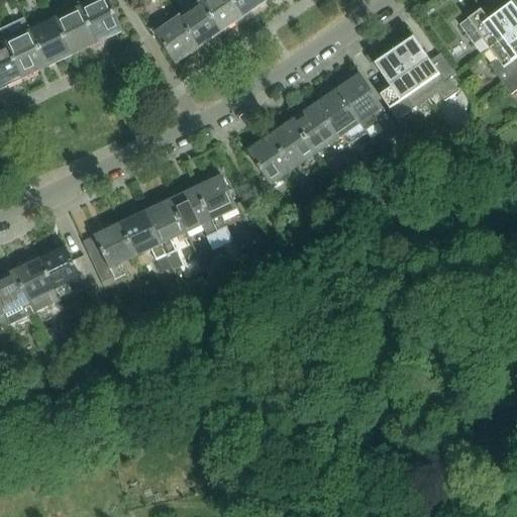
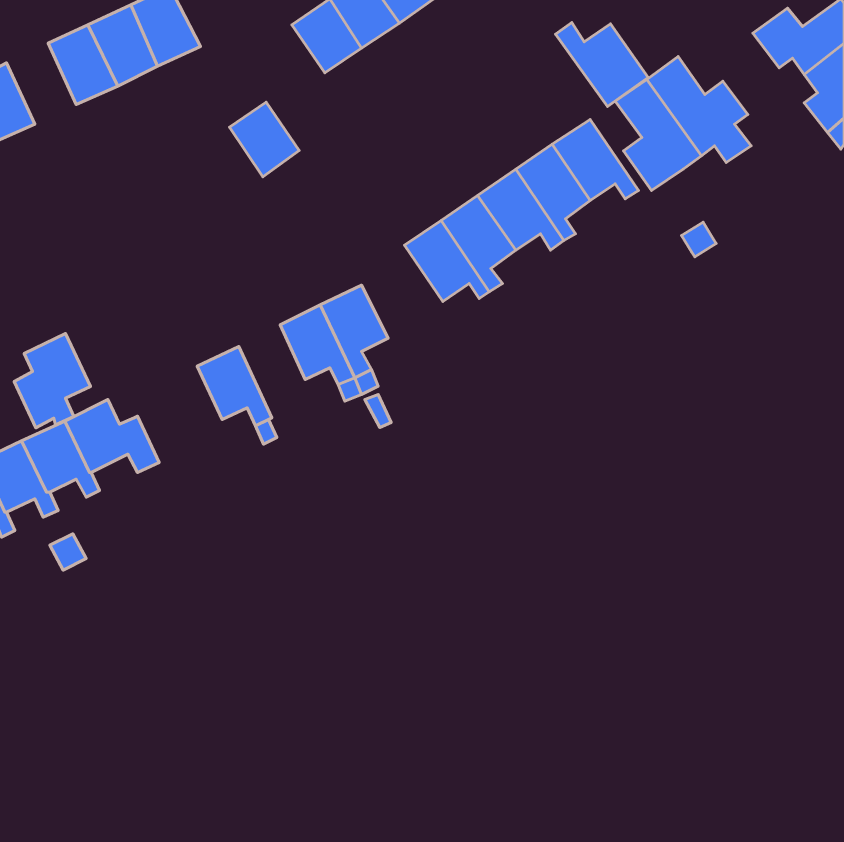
building: none -> [555,23,648,107]
building: [156,15,198,61] -> [230,102,299,177]
building: [4,26,46,76] -> none
building: [145,198,186,254] -> none
building: [89,223,135,281] -> [14,334,90,428]

